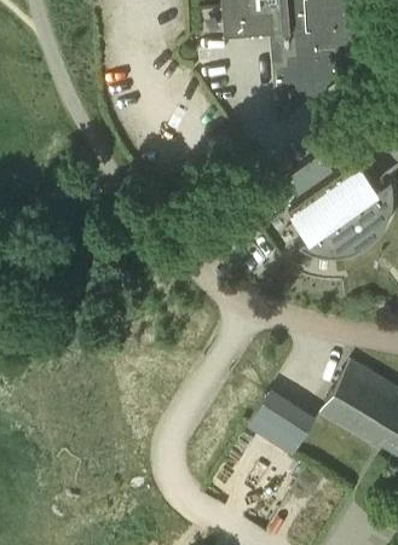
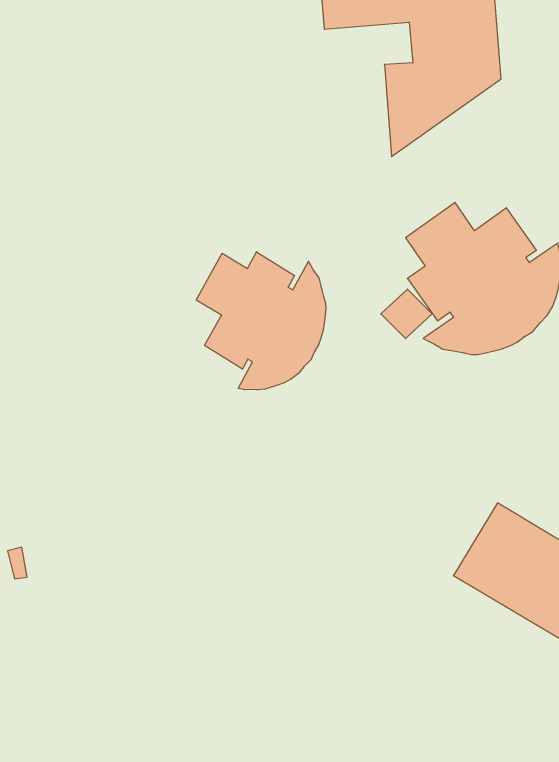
building: none -> [196,252,326,390]
building: [247,395,311,453] -> none

